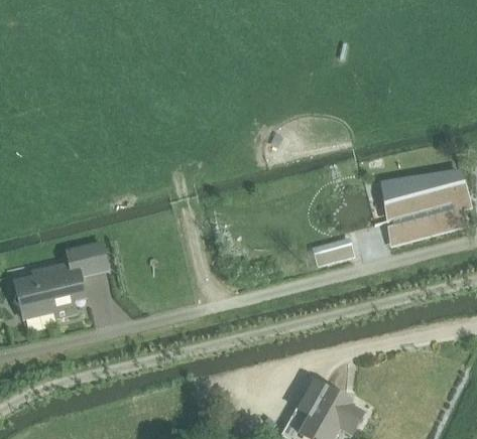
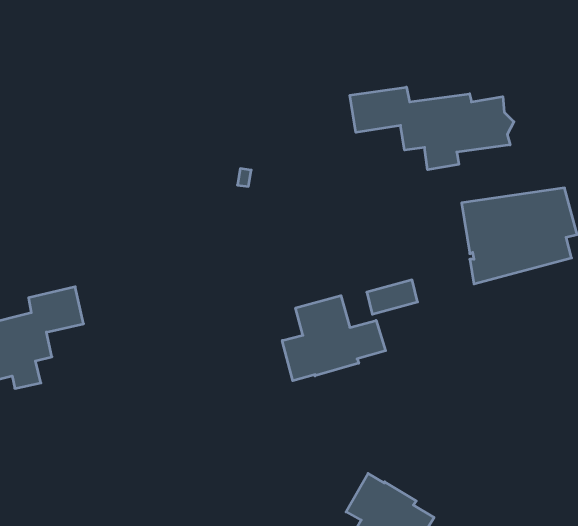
building: none -> [350,87,514,170]
building: none -> [282,296,386,381]

